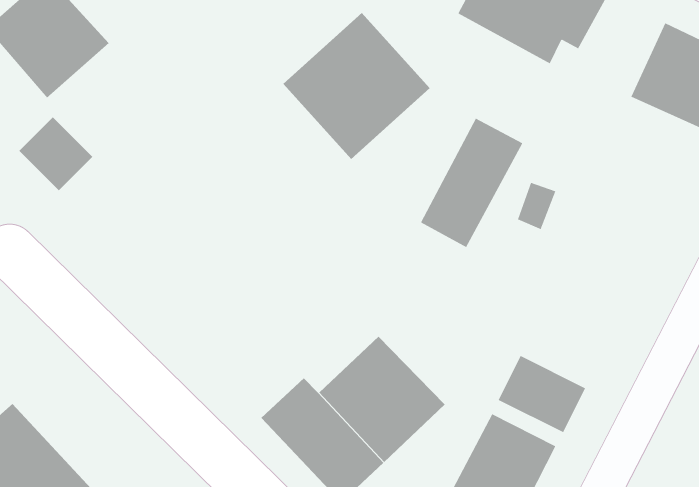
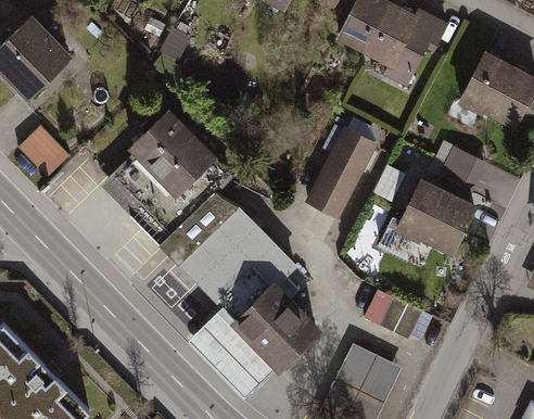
building: [283,12,430,160] -> [115,94,222,202]
building: none -> [397,135,488,254]
building: none -> [168,198,289,318]

